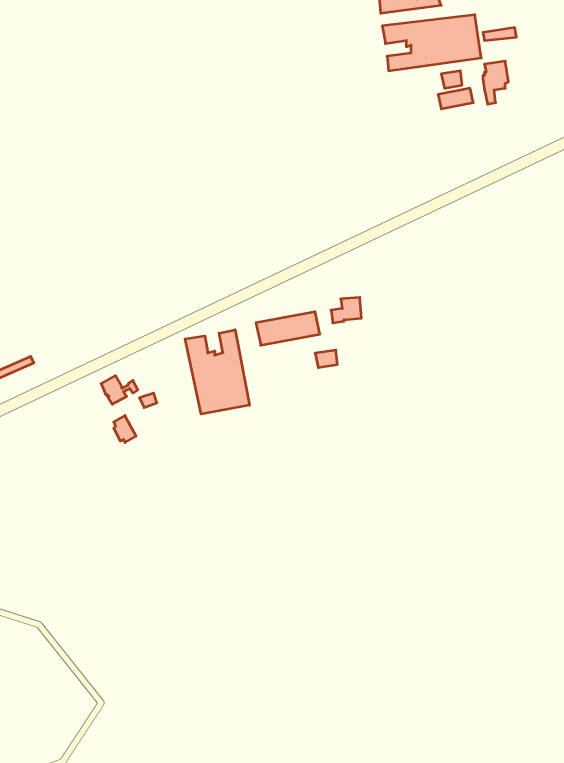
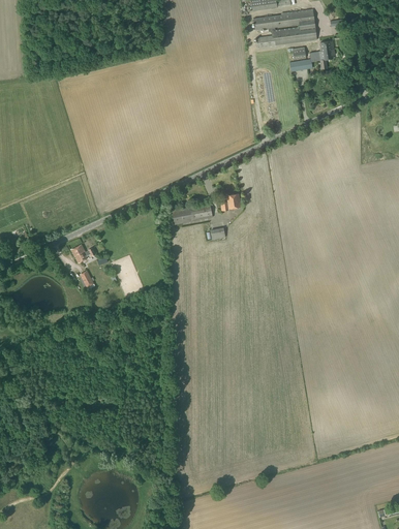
building: [185,330,249,414] -> none

